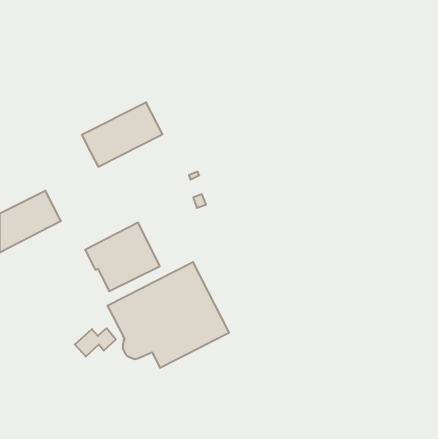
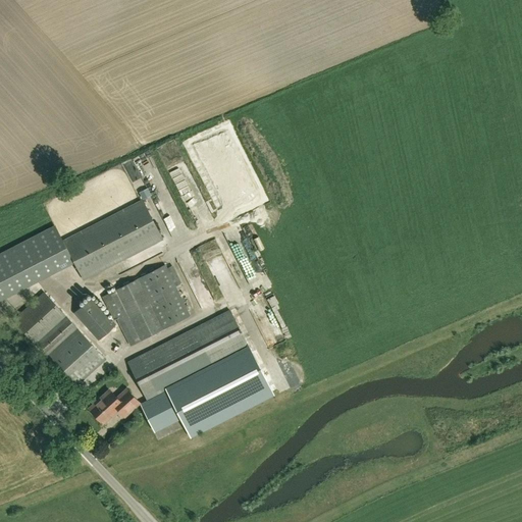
building: [82,102,163,167] -> [64,202,160,278]
building: none -> [13,293,105,386]
building: none -> [73,298,115,340]

